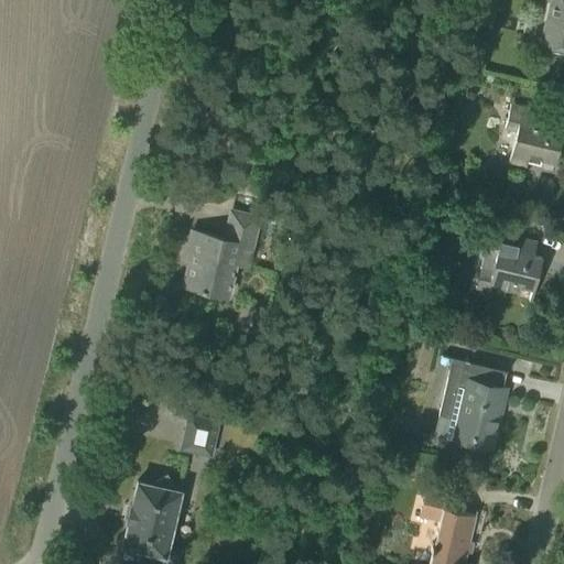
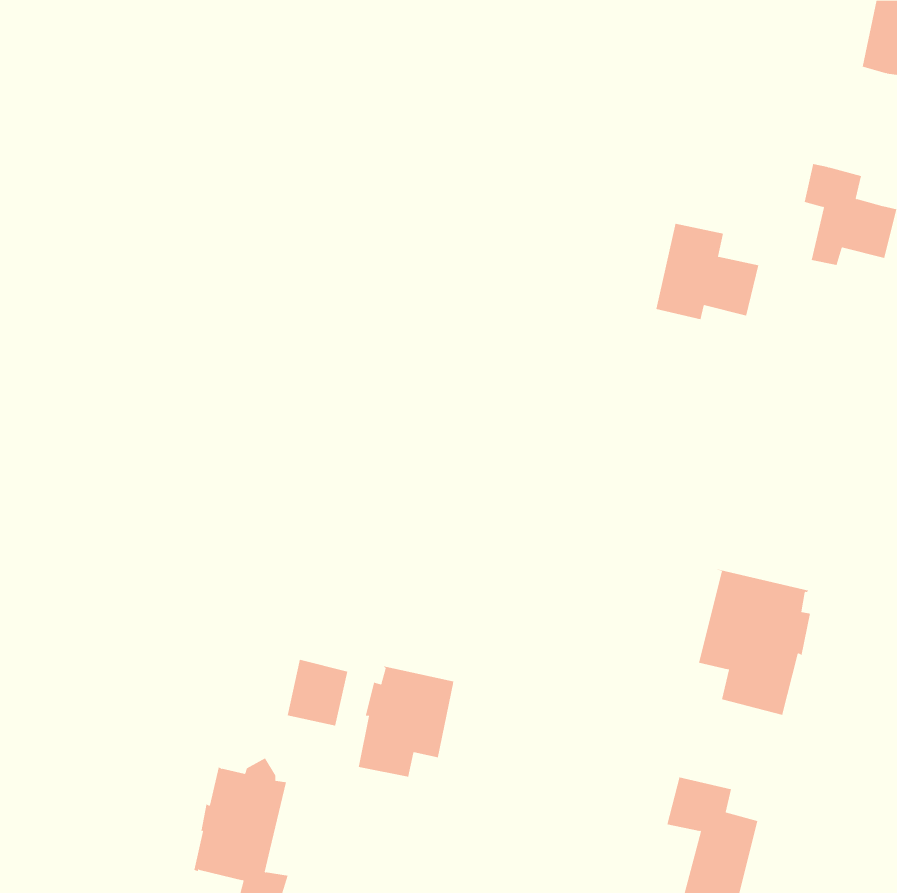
building: [184,214,259,299] -> none
building: [477,234,542,294] -> [655,223,759,320]
building: none -> [358,666,467,778]

